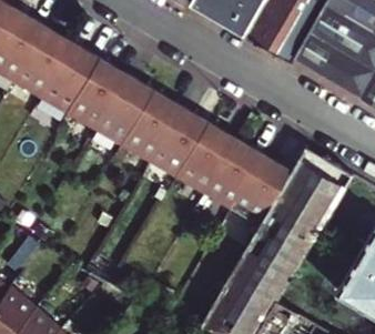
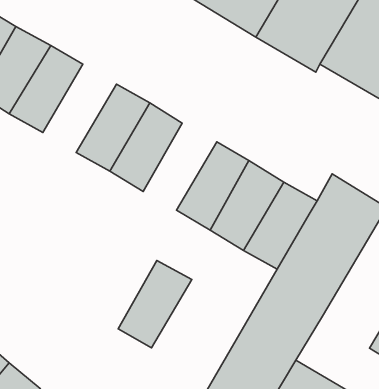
building: [68,59,129,132] -> none
building: [151,108,212,180] -> [118,261,192,348]

